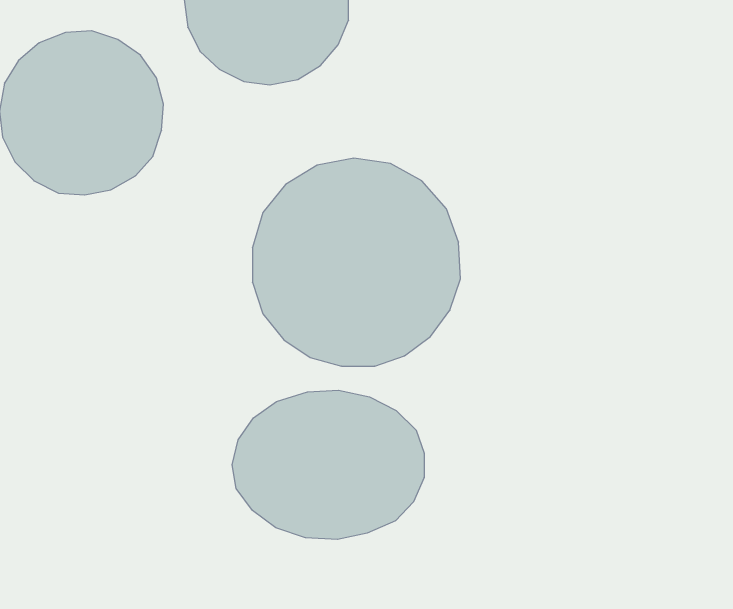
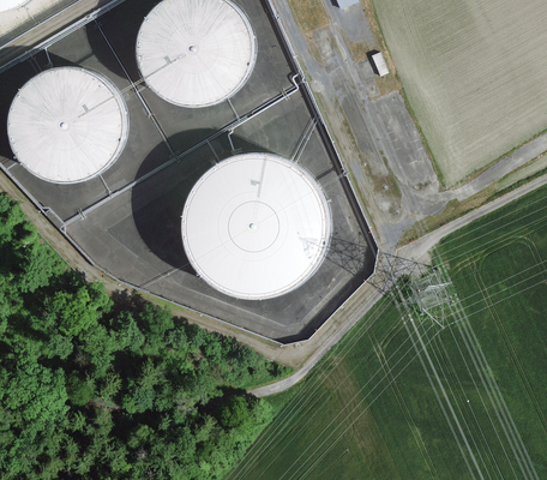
building: [232,390,424,539] -> none

